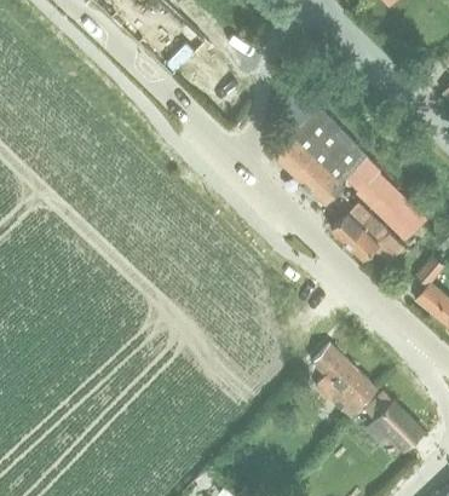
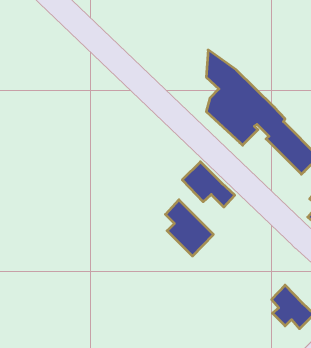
building: [334,206,404,266] -> [182,162,235,207]
building: [313,344,378,419] -> [165,200,213,256]

